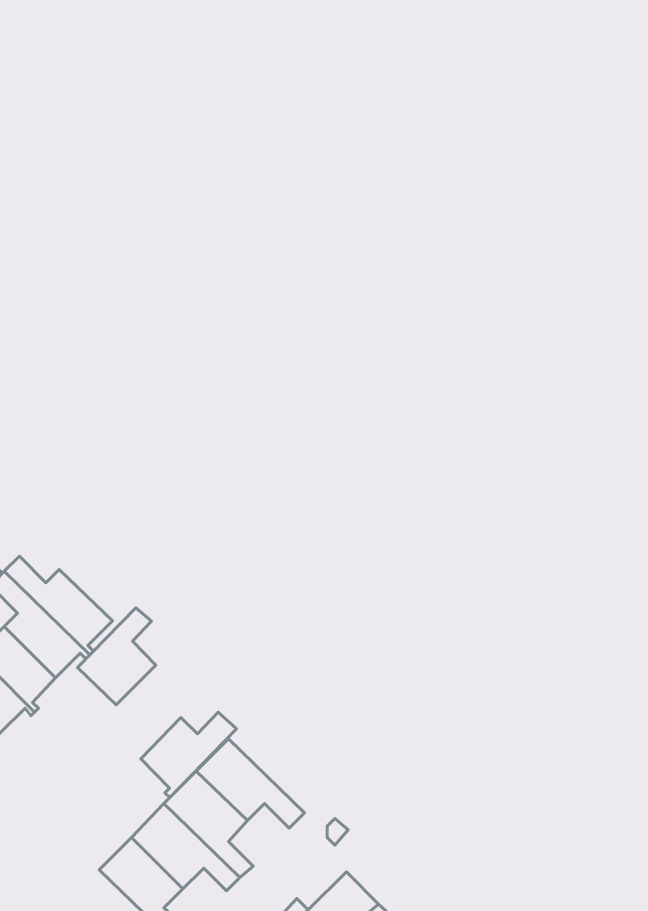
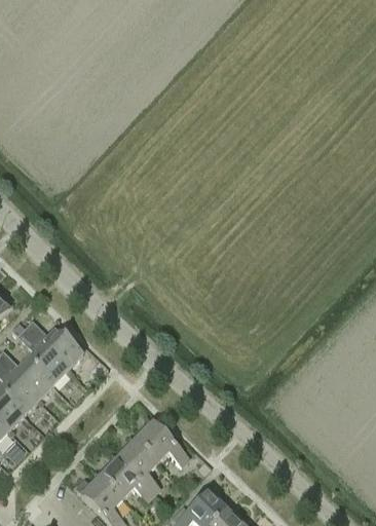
building: [78,608,156,705] -> none
building: [141,712,237,797] -> none

